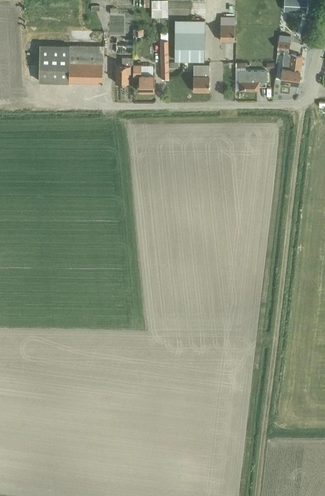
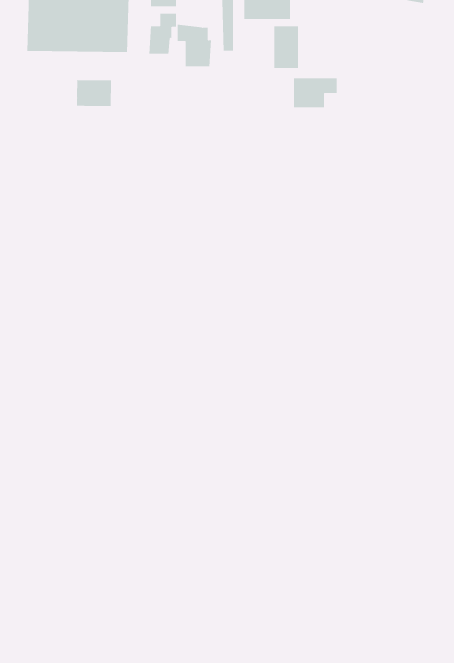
building: [280,55,301,84] -> none
building: [238,71,266,90] -> [293,78,337,108]
building: none -> [76,79,112,107]

